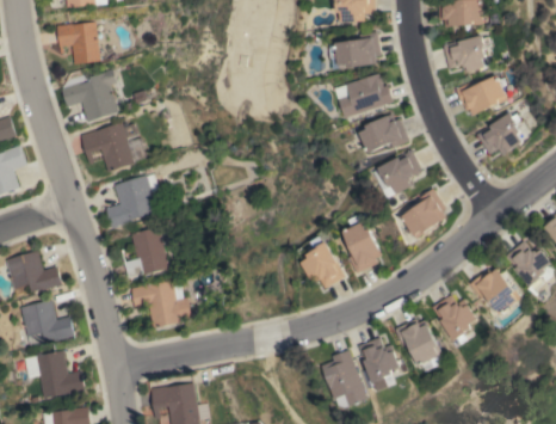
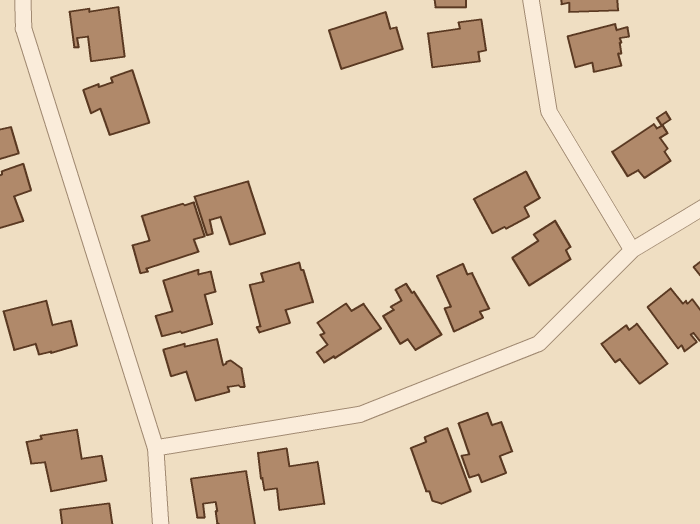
building: [334,73,391,117] -> [329,12,403,69]
building: [456,74,507,115] -> none
building: [356,113,408,153] -> none
building: [80,122,135,171] -> [194,181,265,244]
building: none -> [250,262,313,333]
building: none -> [317,304,381,363]
building: [431,294,476,343] -> none
building: [19,300,74,344] -> none
building: [394,318,444,370] -> none
building: none -> [258,448,324,510]

